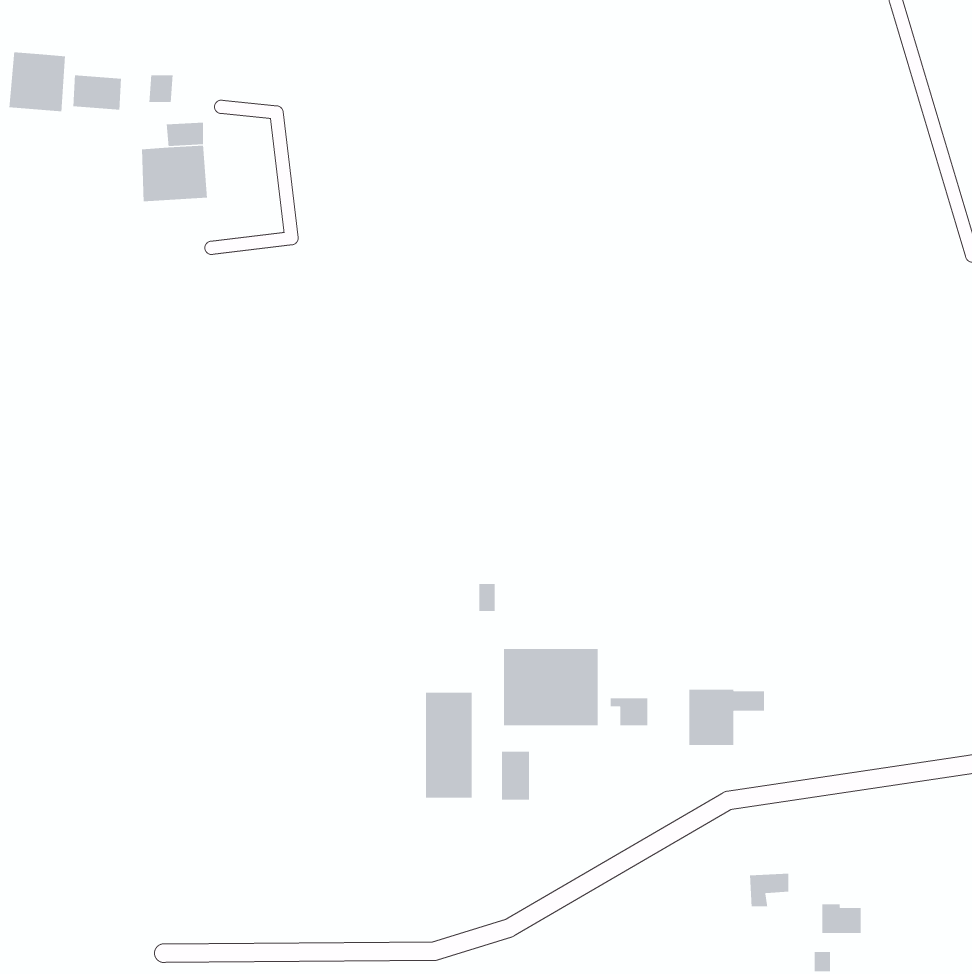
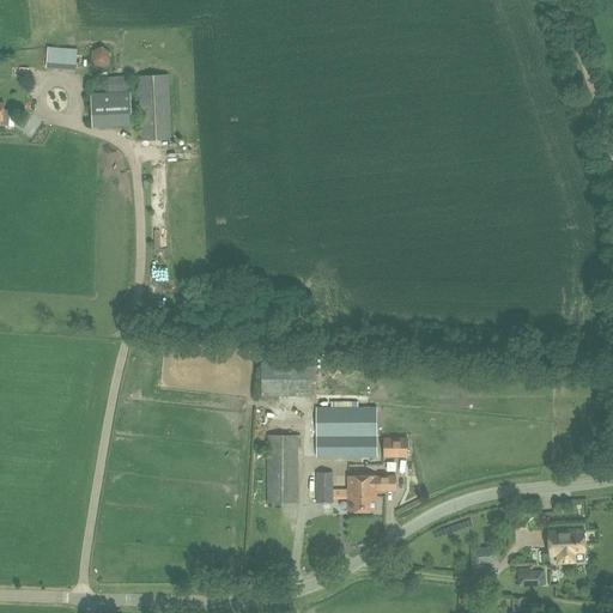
building: [9,52,66,112] -> none
building: none -> [138,74,170,140]
building: [688,689,765,746] -> [347,475,395,511]
building: none -> [547,529,584,562]

